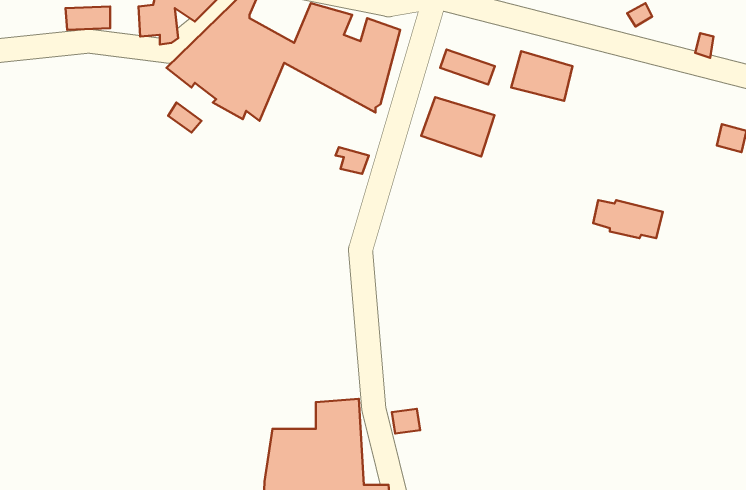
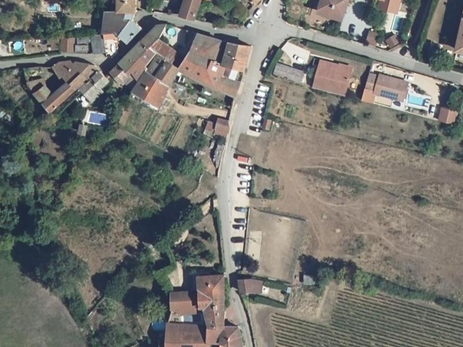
building: none -> [24,61,107,113]
building: [421,97,495,157] -> none
building: [593,200,663,238] -> [365,75,407,98]

